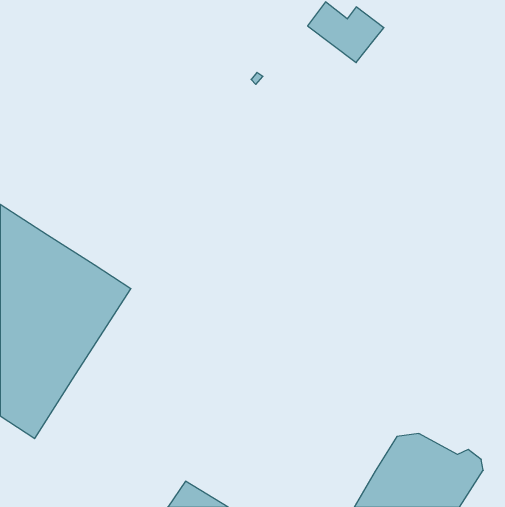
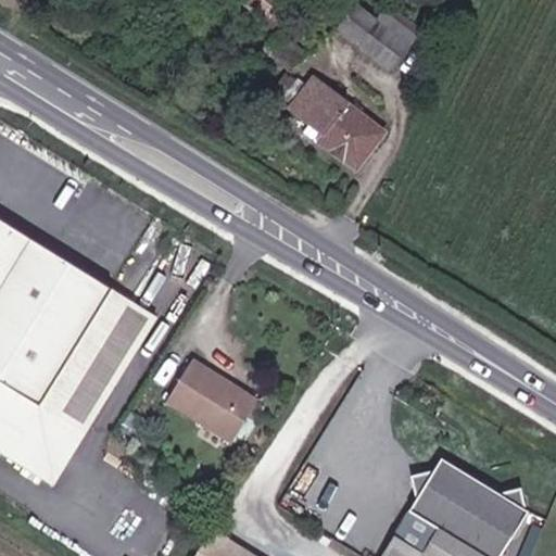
building: none -> [287,77,379,169]
building: none -> [163,356,251,435]

